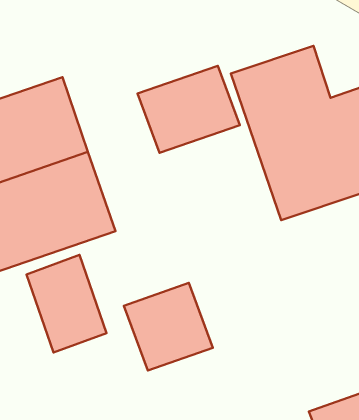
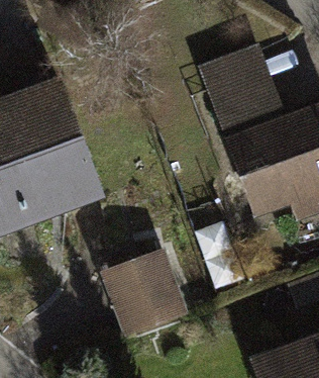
building: [137,66,240,153] -> none
building: [27,255,106,353] -> none

